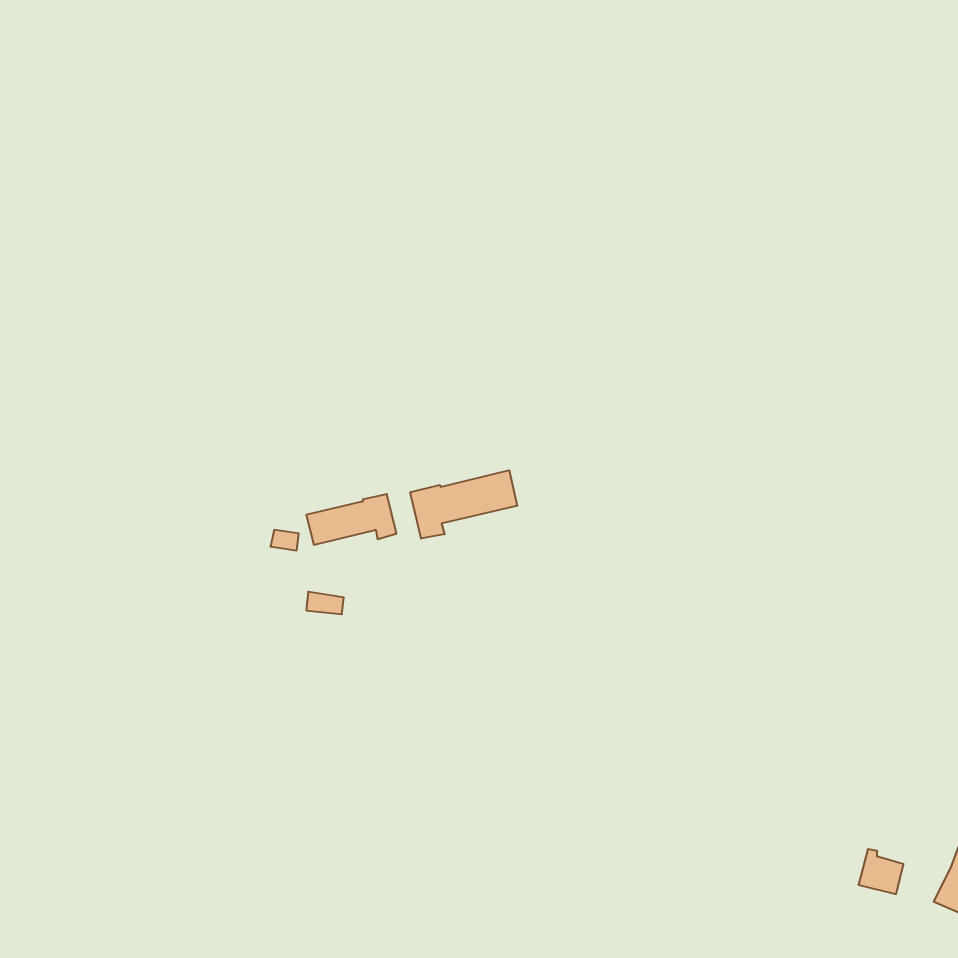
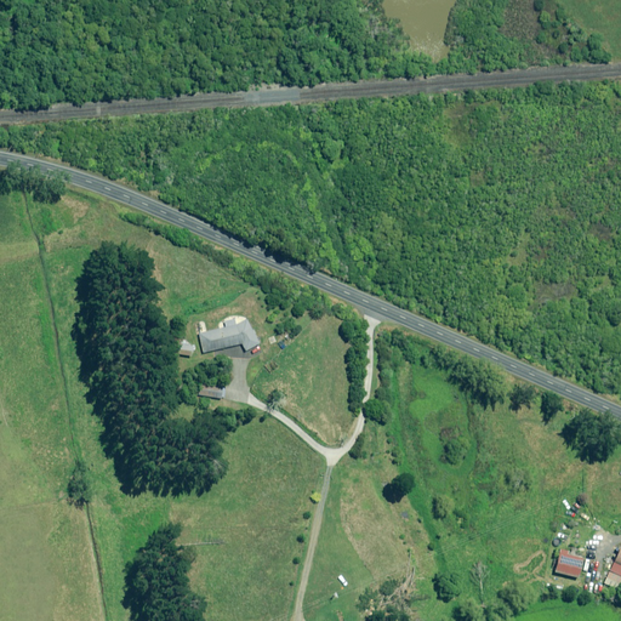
building: [410,470,517,539] -> none

